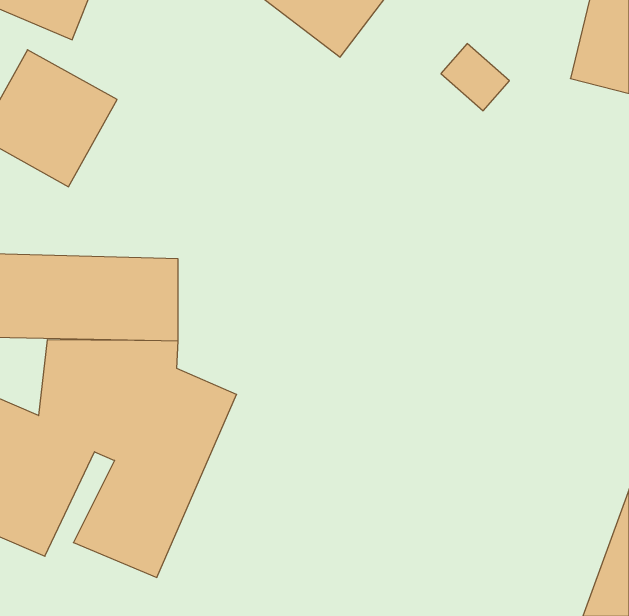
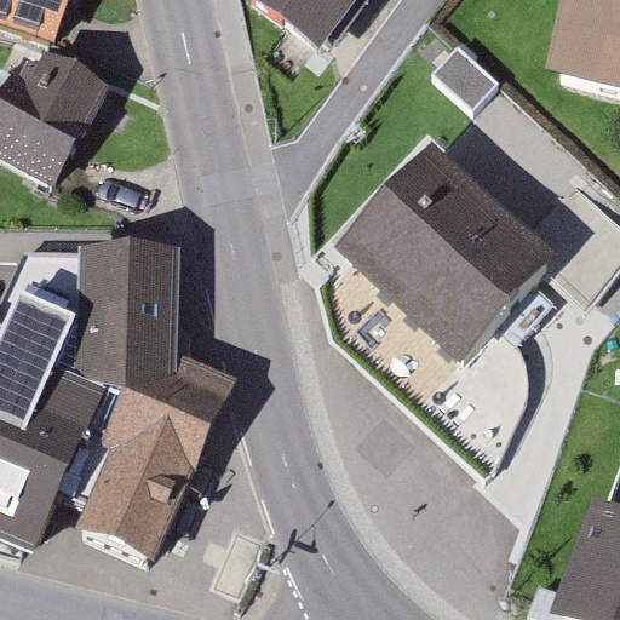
building: none -> [331,148,547,362]

